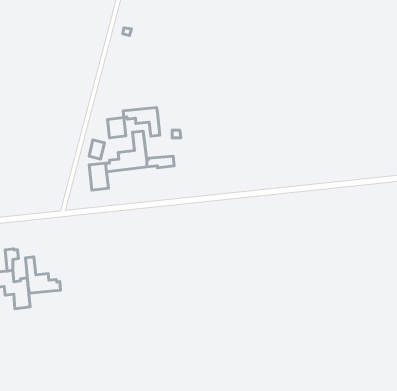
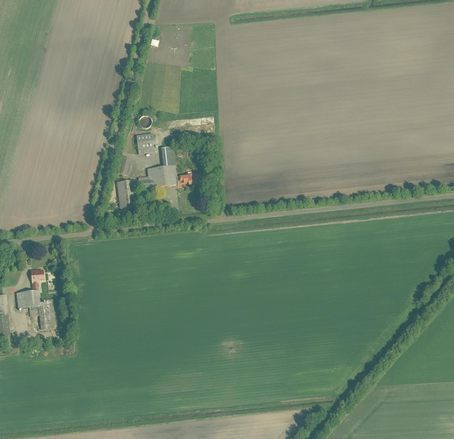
building: [123,107,160,136] -> none
building: [26,257,61,293] -> none

